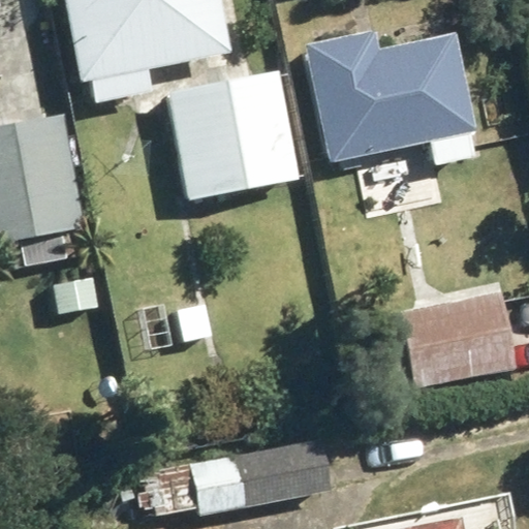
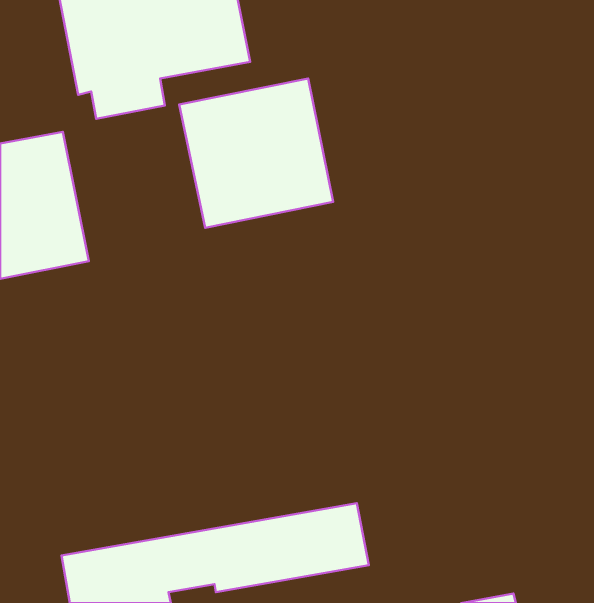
building: [304,32,479,163] -> none
building: [400,291,516,390] -> none

